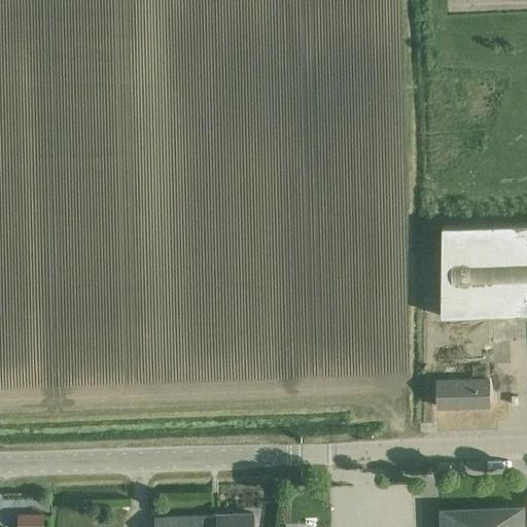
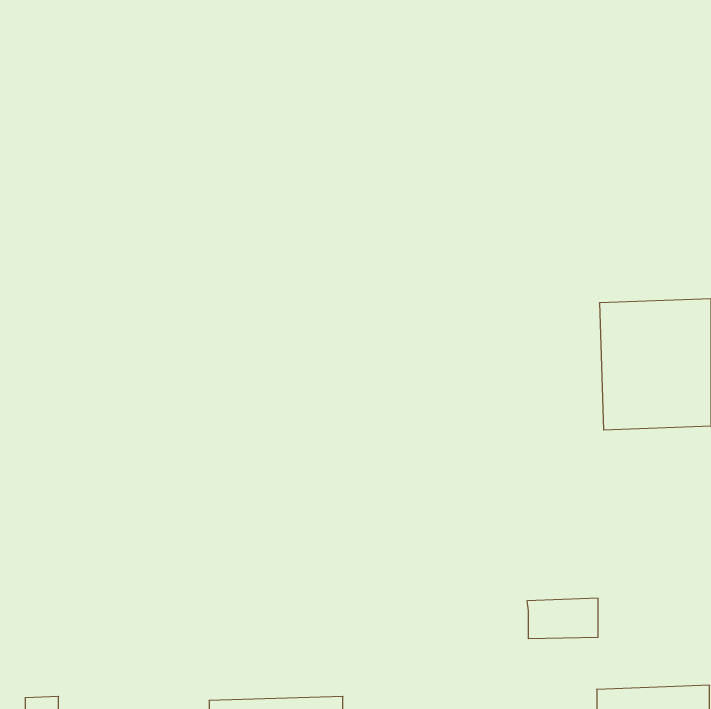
building: [436,380,489,410] -> [527,598,598,639]

